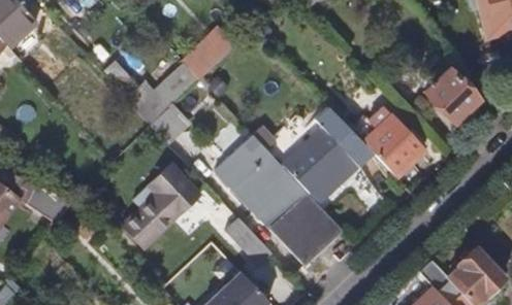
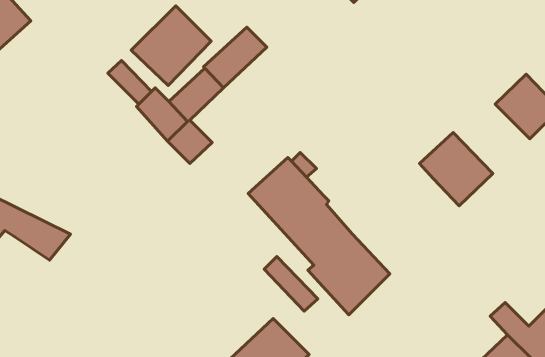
building: none -> [131,6,211,85]
building: [282,108,373,207] -> none
building: [120,168,197,250] -> none

